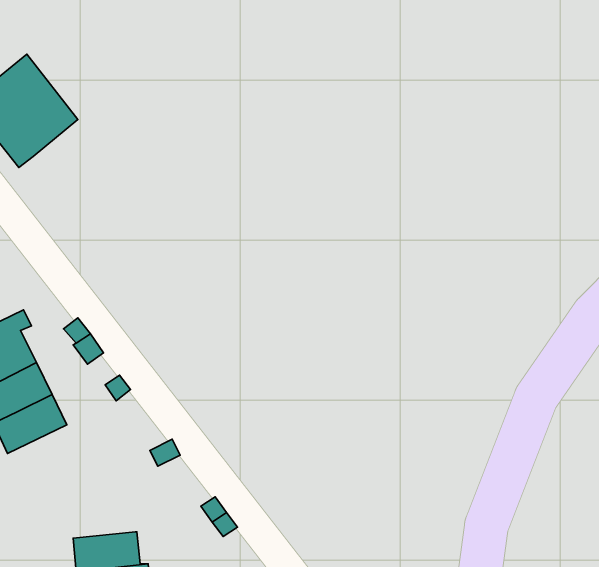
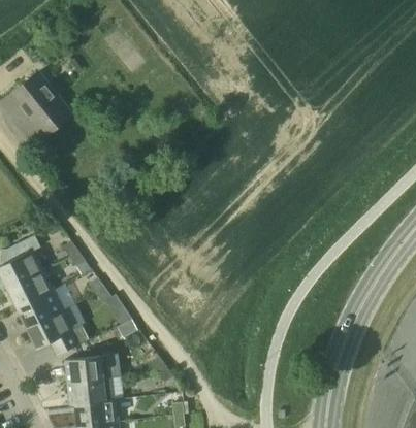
building: none -> [27,311,90,359]
building: none -> [66,357,110,385]

